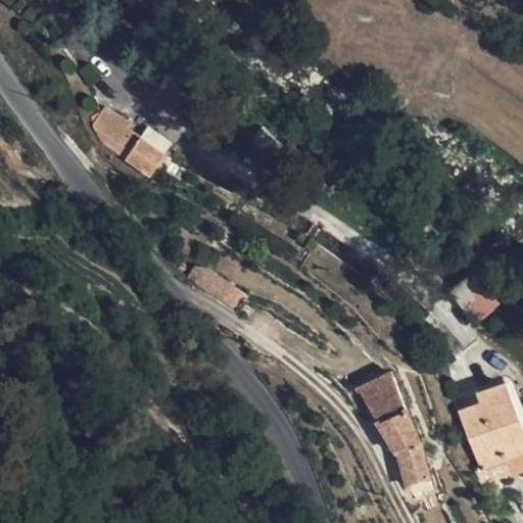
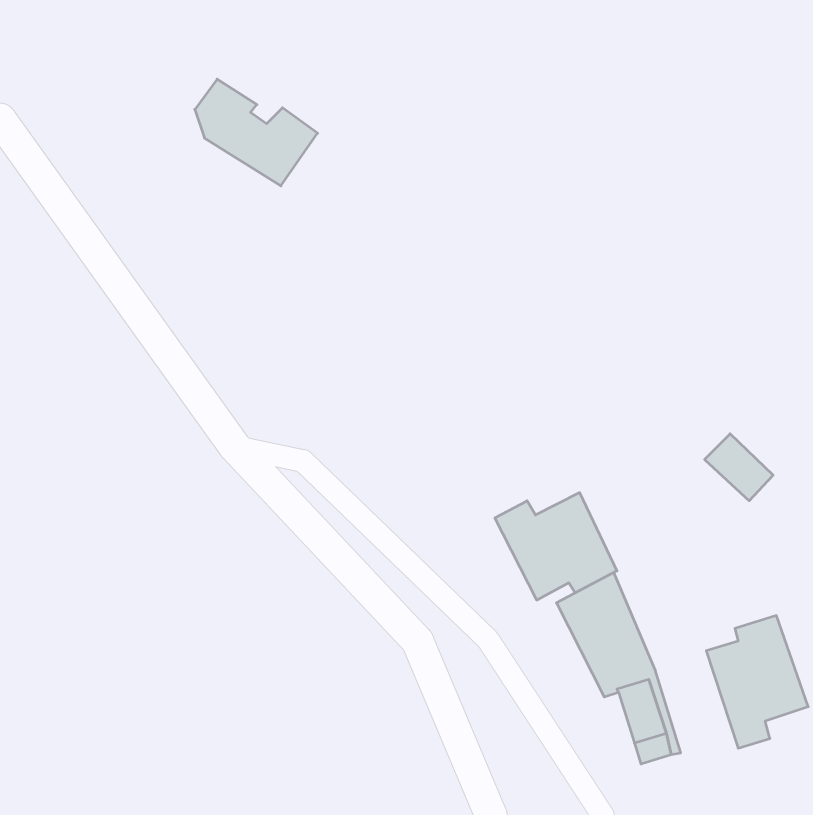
building: [94,107,173,176] -> [195,79,318,186]
building: none -> [495,493,617,600]

